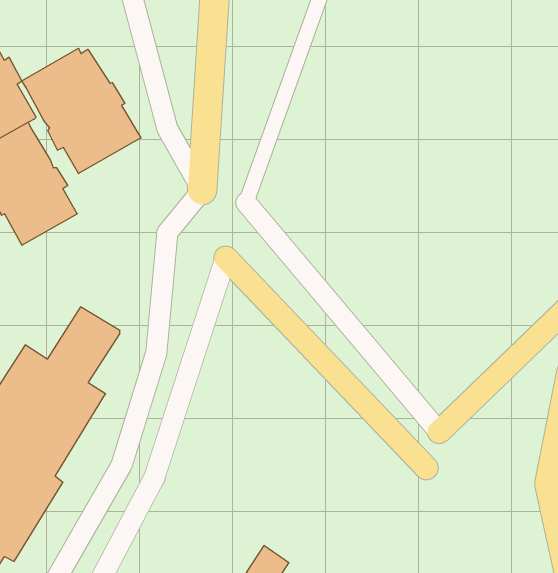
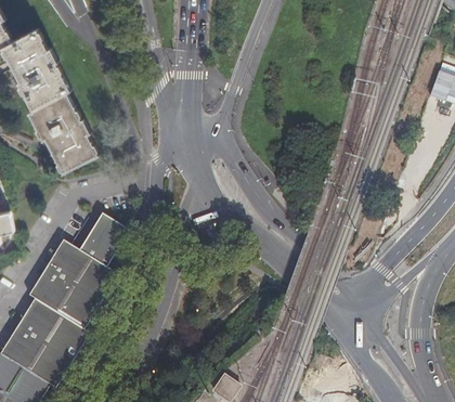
building: [22,48,141,174] -> none

